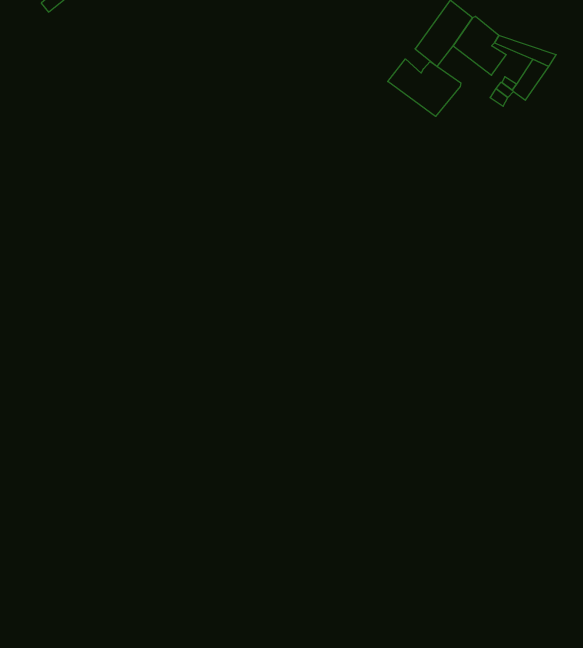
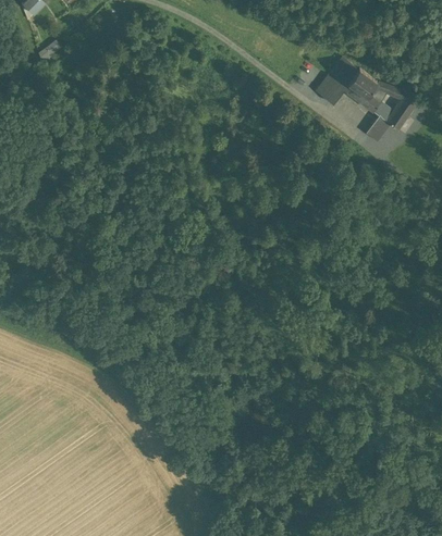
building: [388,59,461,116] -> none

